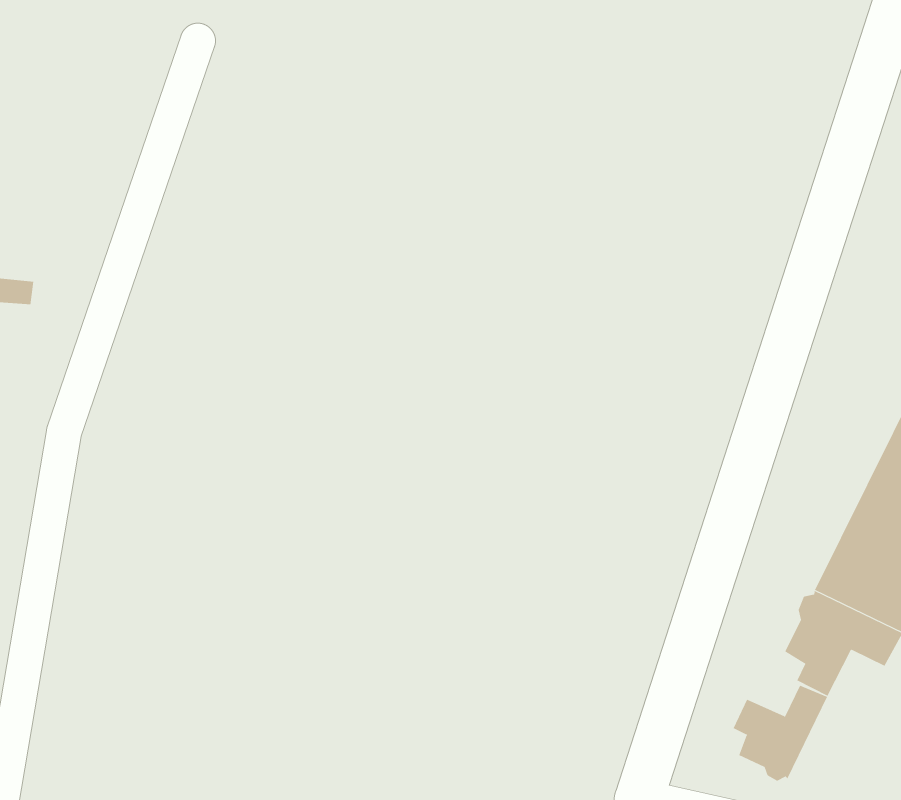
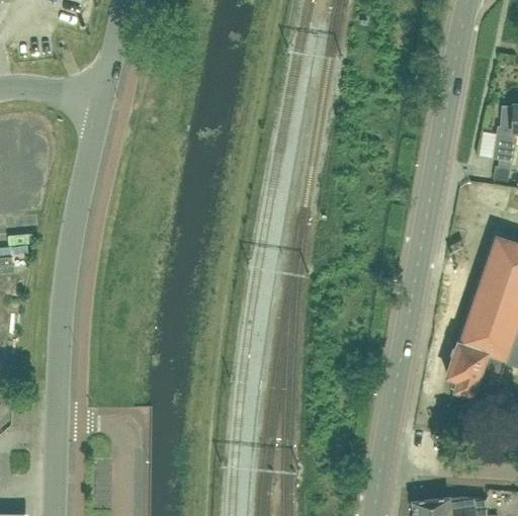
building: [733,685,828,781] -> none

